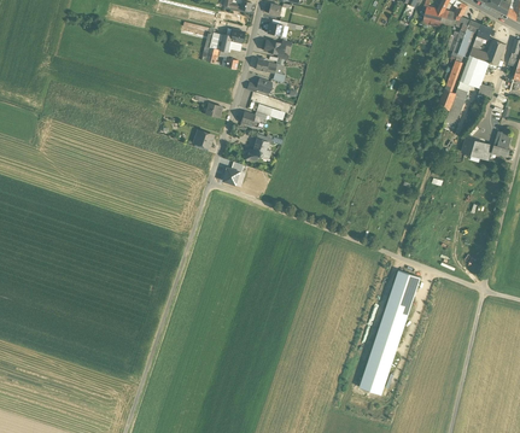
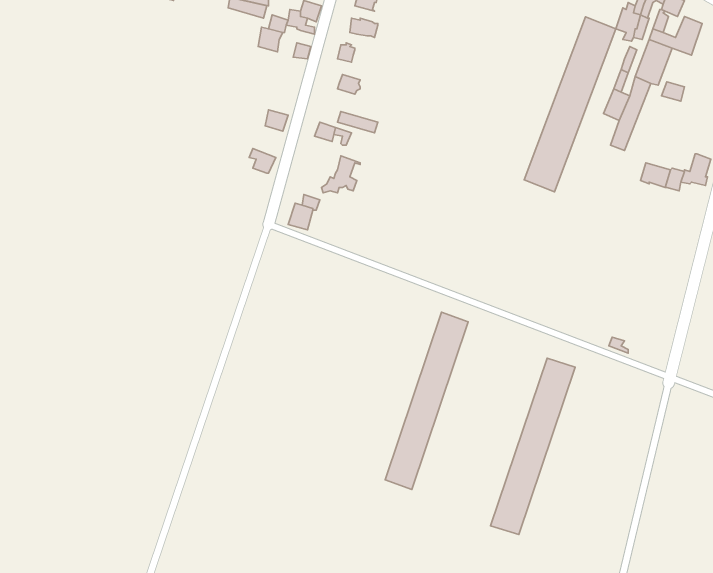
building: none -> [524,17,616,192]
building: none -> [385,312,468,490]

